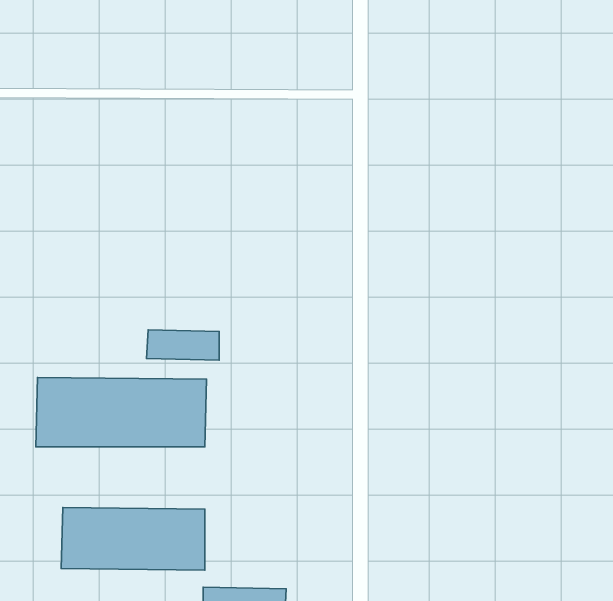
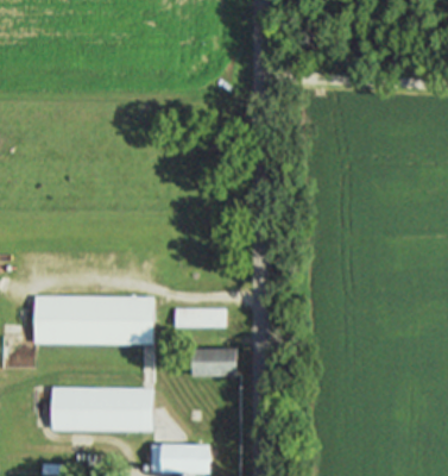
building: [147,330,219,360] -> [173,308,225,330]
building: none -> [193,347,235,375]

